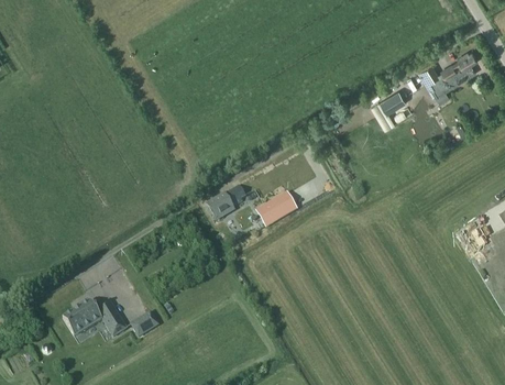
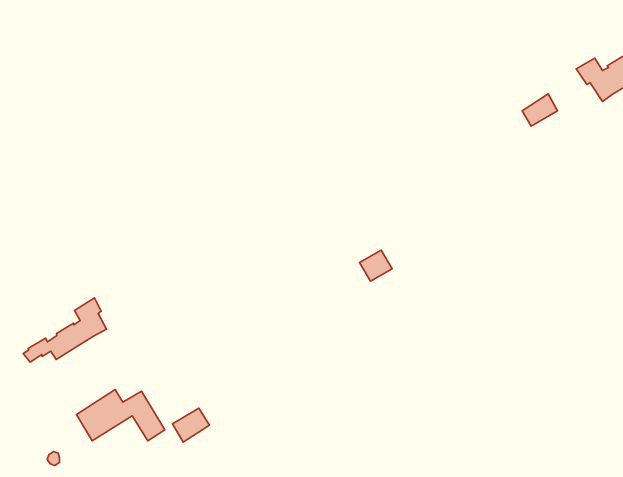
building: [207,186,245,221] -> none
building: none -> [23,298,107,362]

